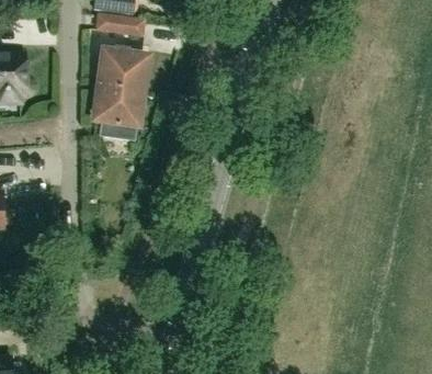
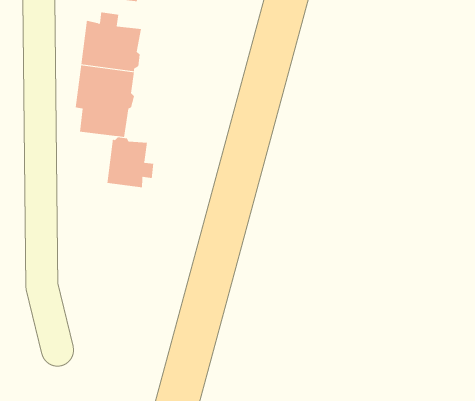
building: none -> [107,137,154,188]

